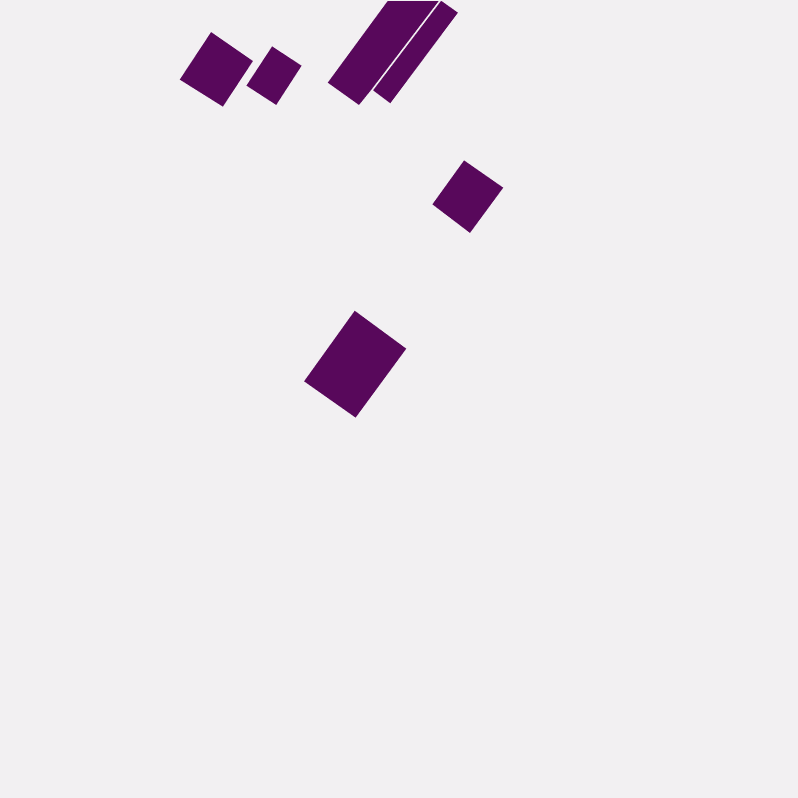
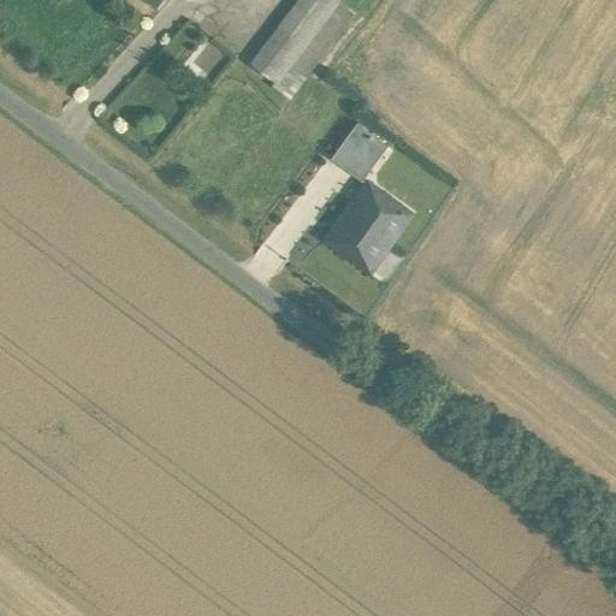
building: [179,31,254,108] -> none
building: [303,310,407,419] -> [330,183,410,267]

